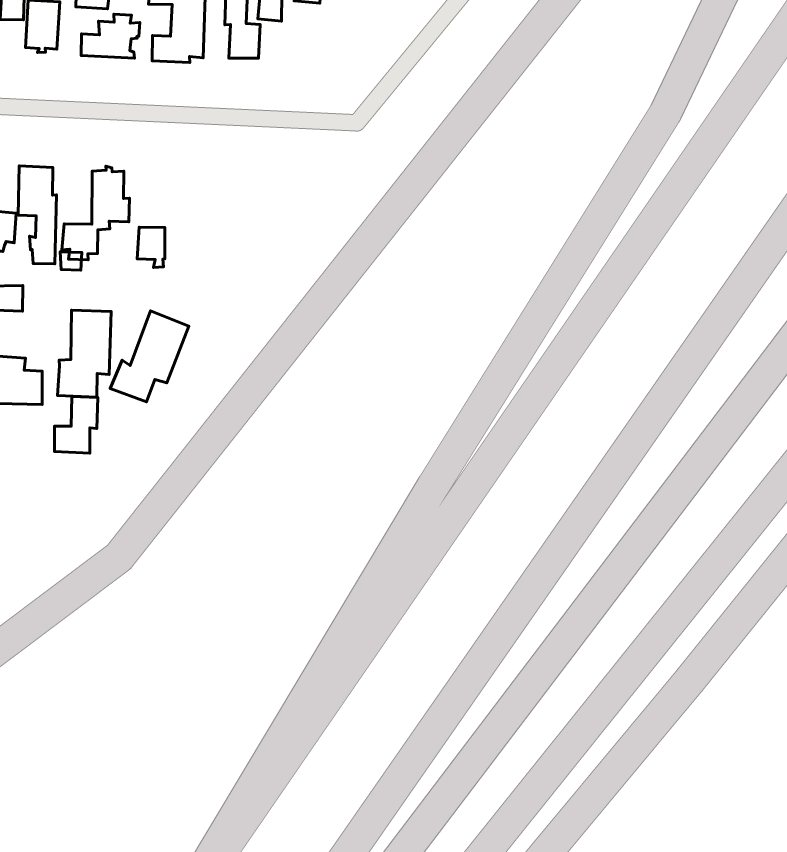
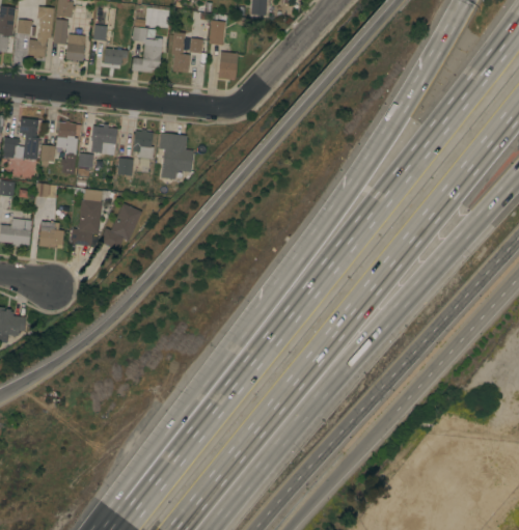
building: none -> [218,52,238,80]
building: none -> [133,129,154,159]
building: none -> [158,133,193,178]
building: [55,396,98,453] -> none

